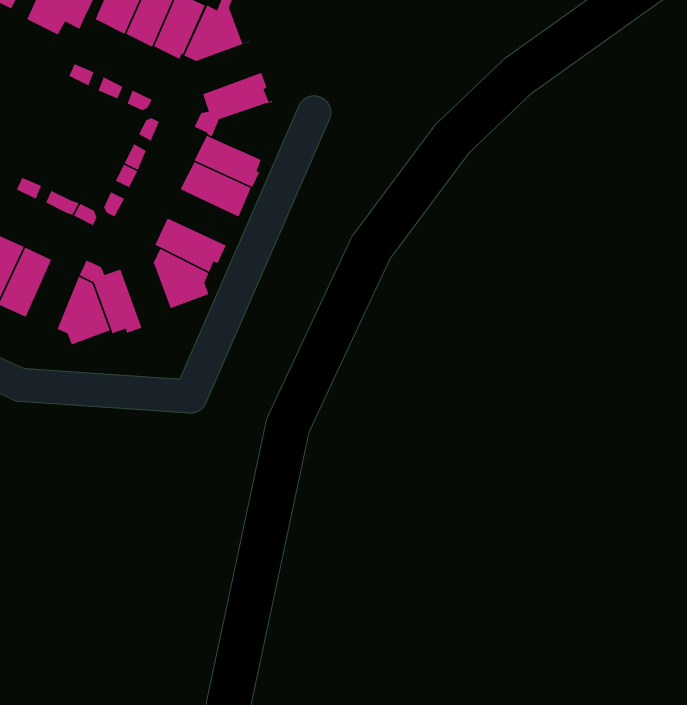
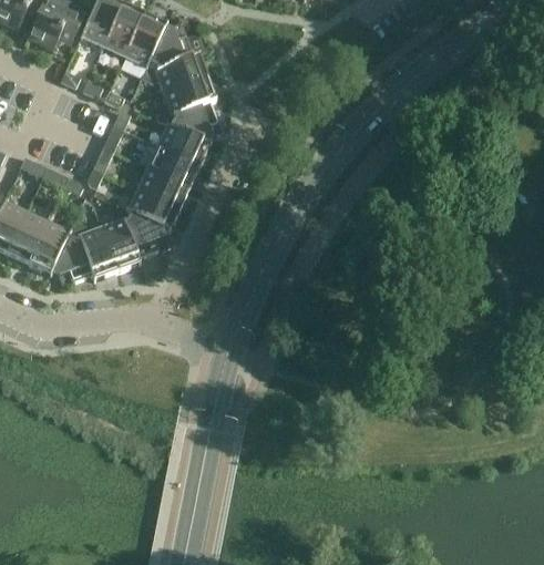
building: none -> [141,53,207,93]
building: none -> [170,101,220,144]
building: none -> [135,166,189,208]
building: none -> [100,204,140,271]
building: none -> [28,219,69,275]

